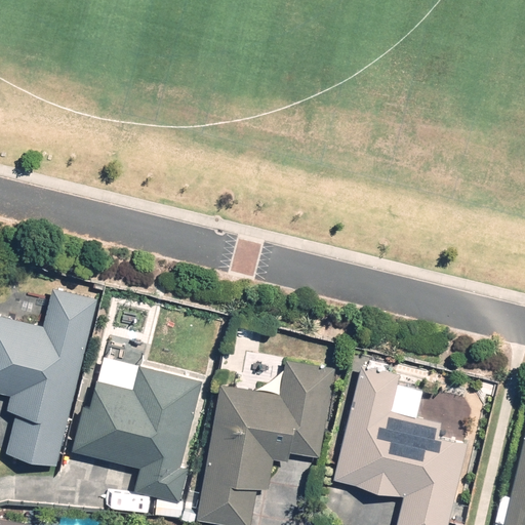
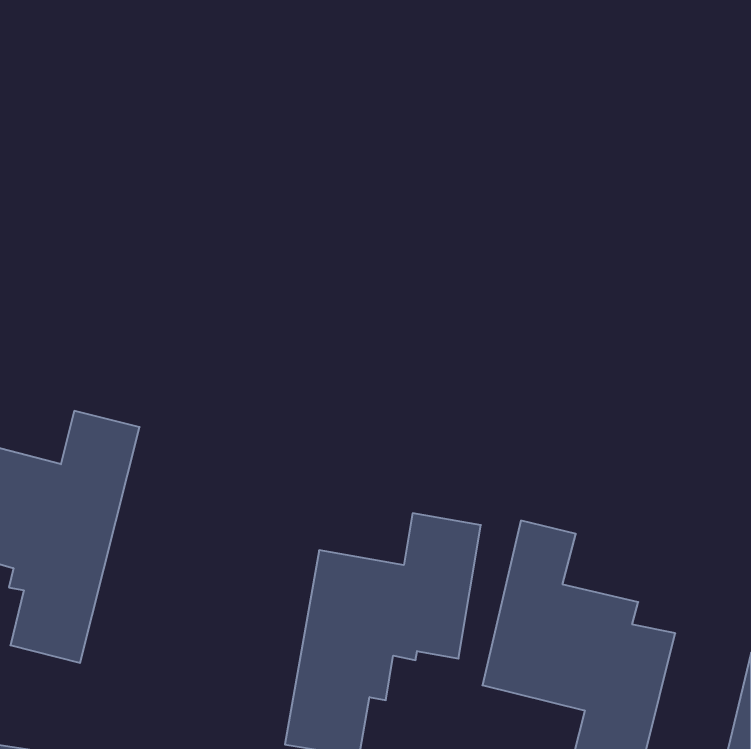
building: [74,368,200,502] -> none

